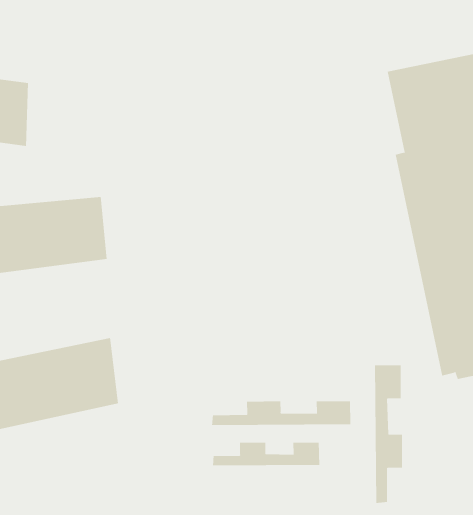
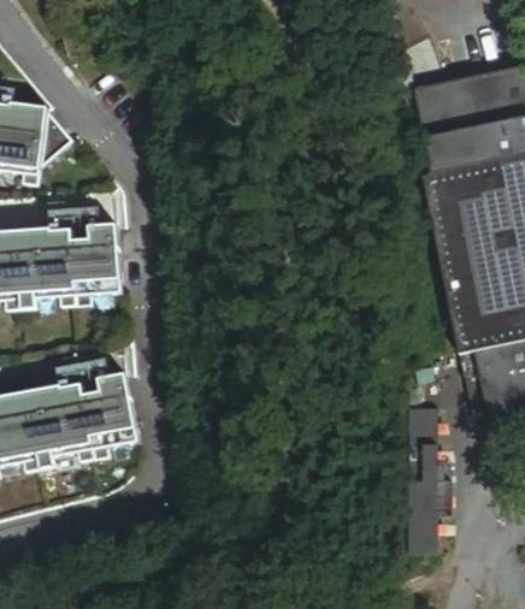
building: [212,400,351,426] -> none
building: [213,442,320,466] -> none

